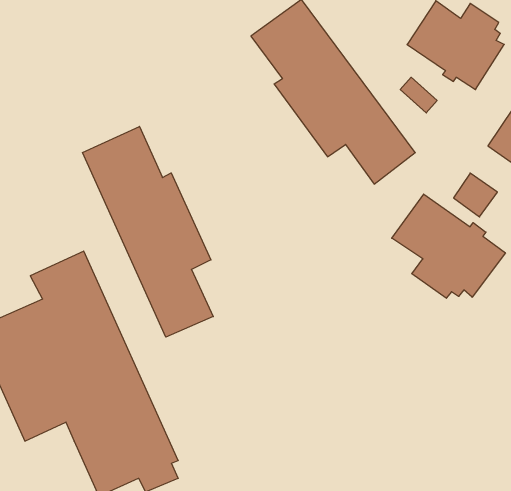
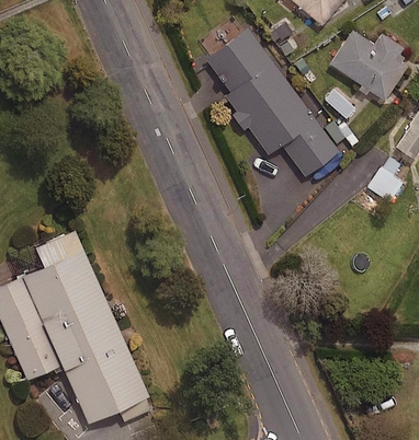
building: [83,126,213,337] -> none
building: [392,194,505,298] -> none

